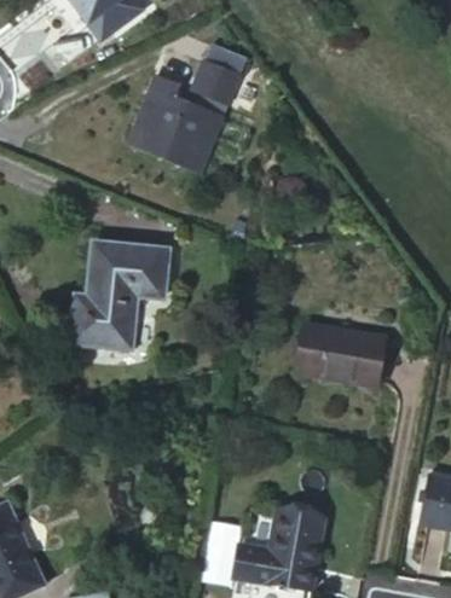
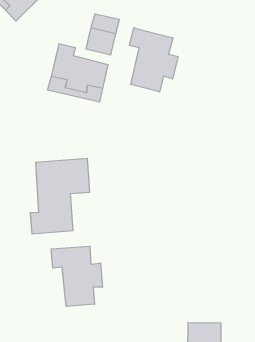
building: none -> [130,28,178,92]
building: [299,324,382,385] -> none
building: none -> [51,246,102,306]

